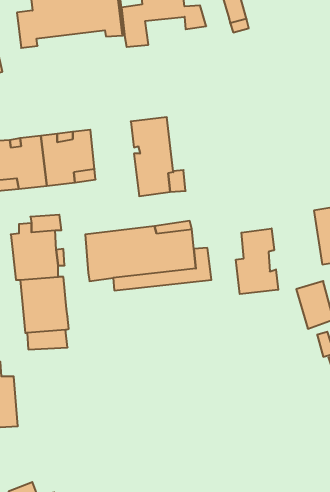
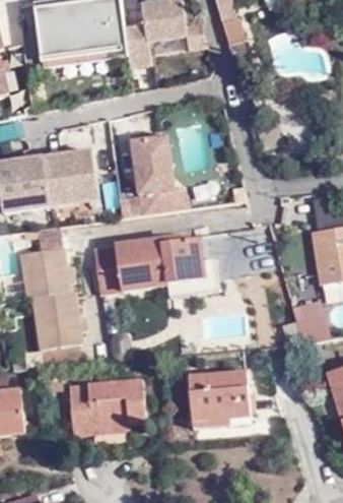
building: [236,228,278,294] -> none
building: none -> [69,376,147,441]
building: none -> [189,377,249,420]

